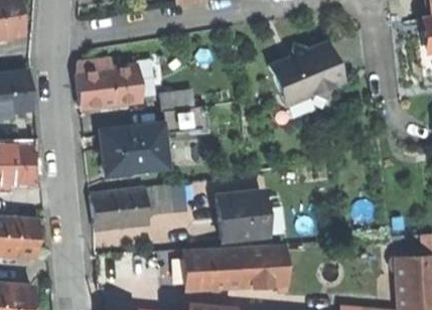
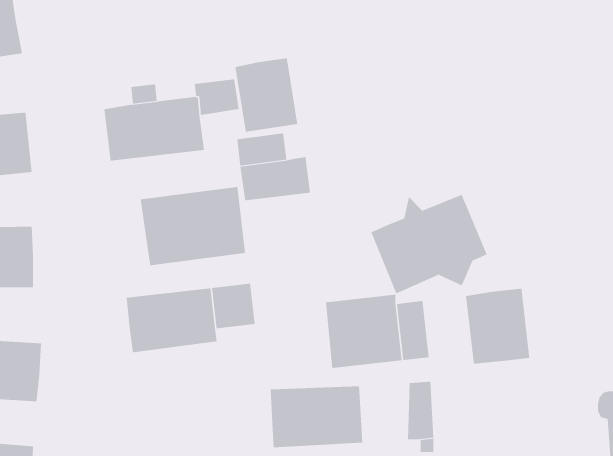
building: none -> [235,57,298,132]
building: [270,42,344,106] -> [370,194,487,294]
building: none -> [466,288,530,364]
building: [240,248,271,286] -> none

